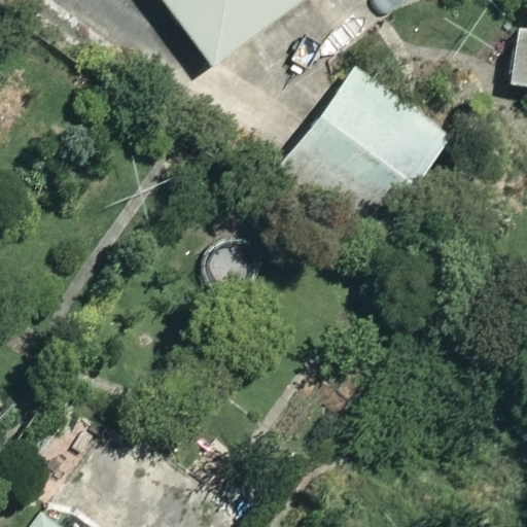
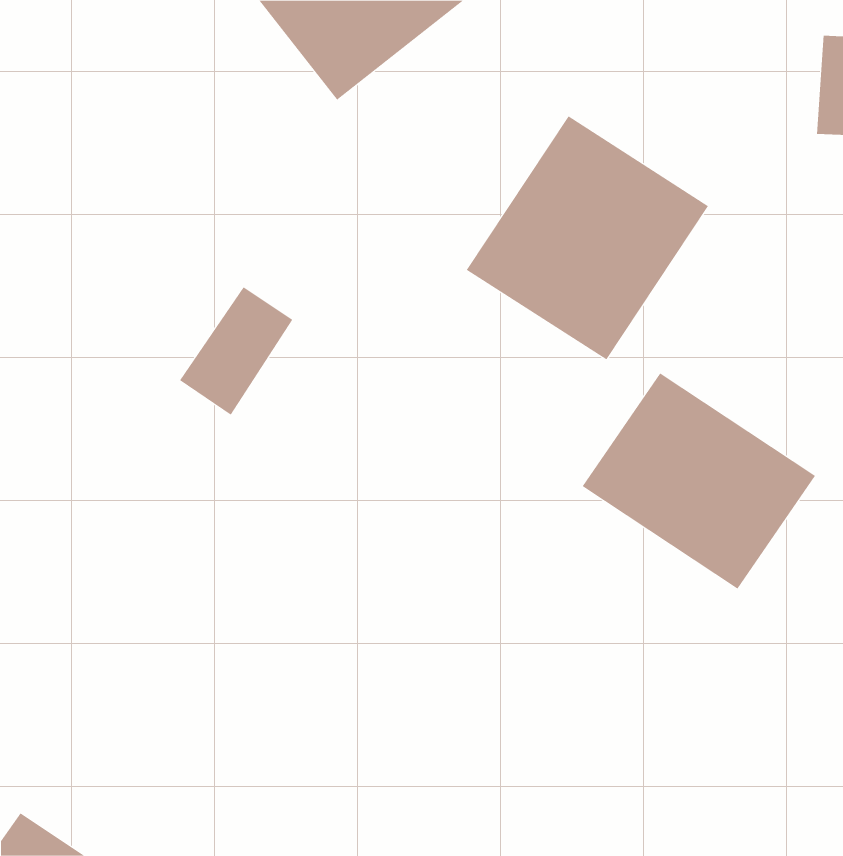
building: none -> [582,372,816,590]

